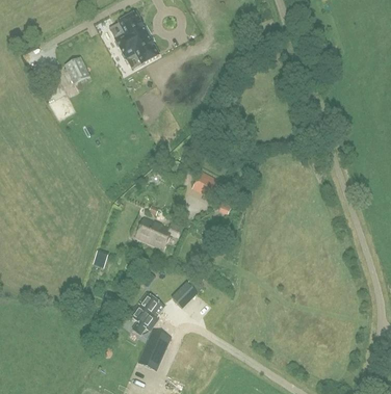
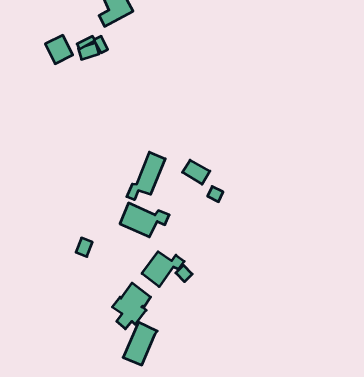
building: [119,32,157,62] -> none
building: none -> [127,152,165,200]
building: none -> [142,252,184,287]

